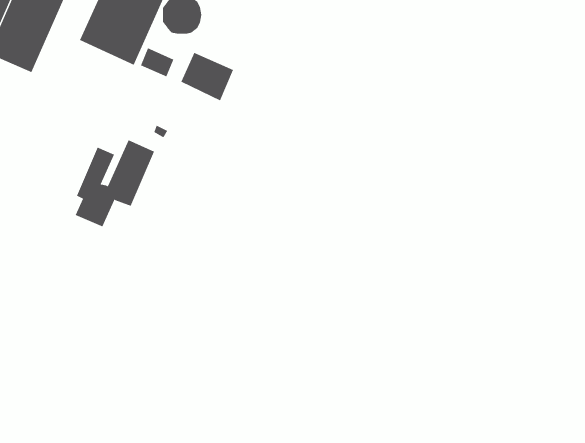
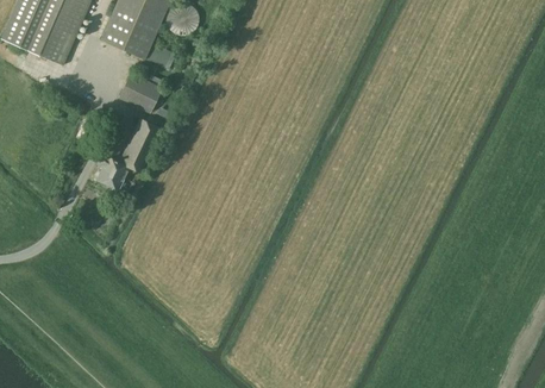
building: [180,52,234,101] -> [119,74,162,113]

